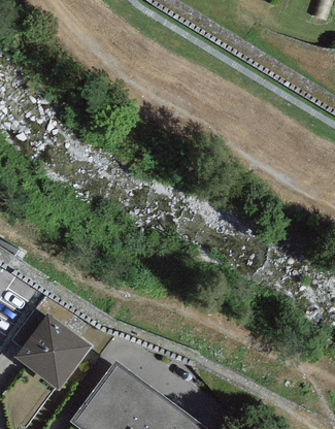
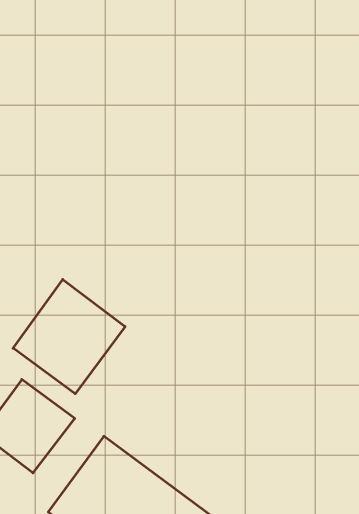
building: none -> [13,279,125,394]

